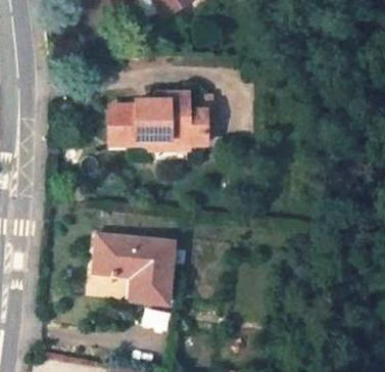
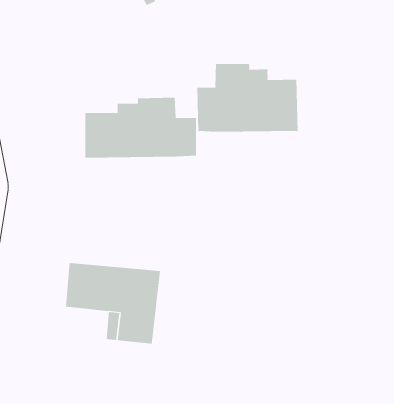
building: none -> [197,63,298,132]

